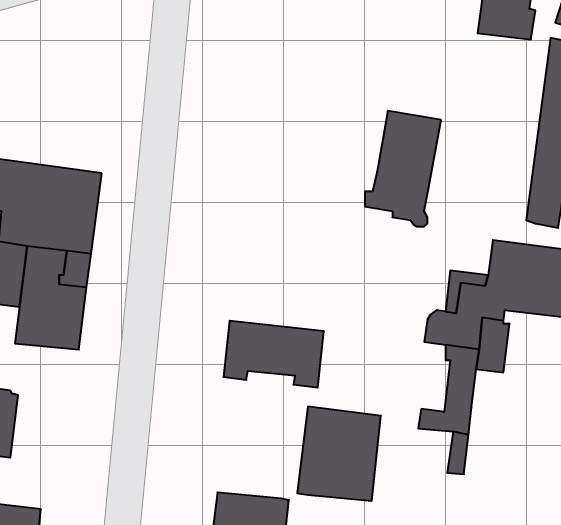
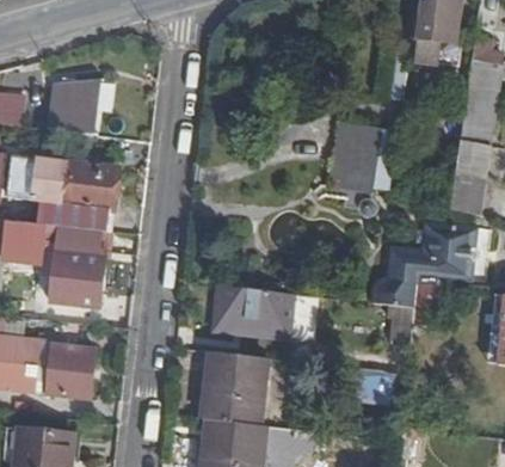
building: none -> [49,78,96,134]
building: none -> [47,344,96,398]
building: [297,407,381,501] -> [201,351,266,425]

